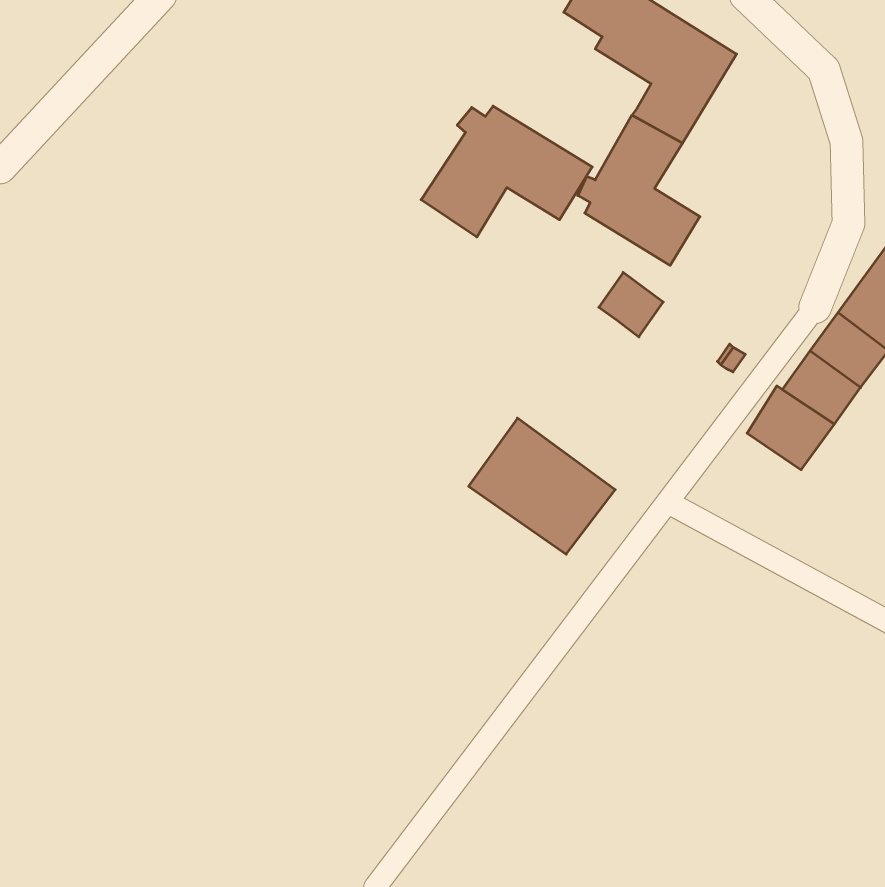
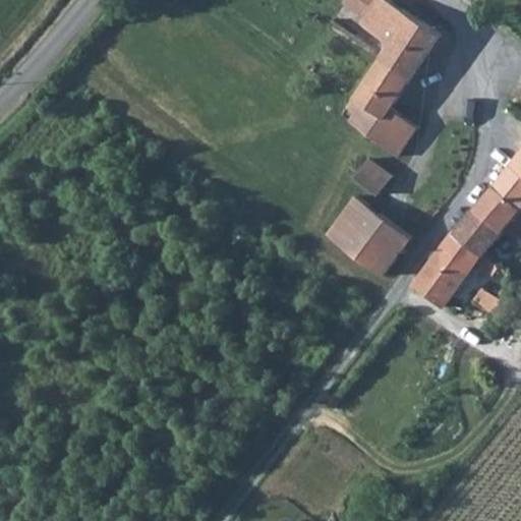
building: [421,106,592,237] -> none
building: [469,418,615,554] -> [329,194,414,274]
building: none -> [418,252,471,303]

